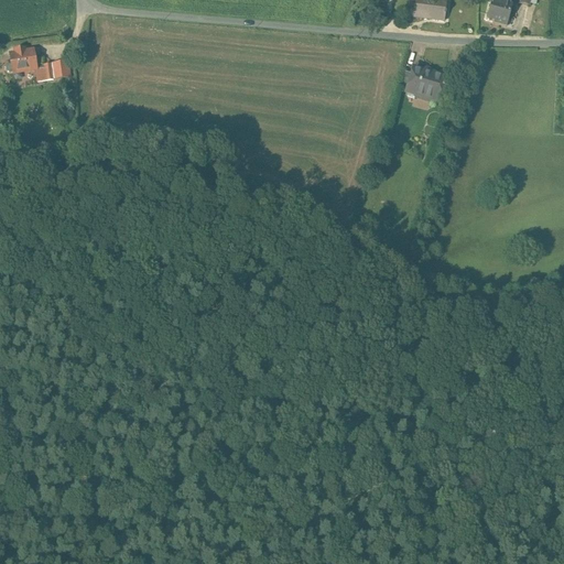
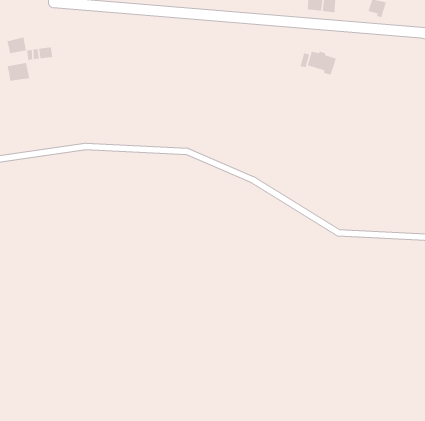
building: none -> [7,62,30,82]

